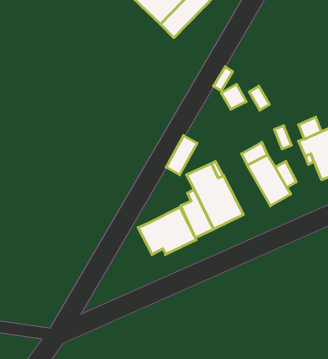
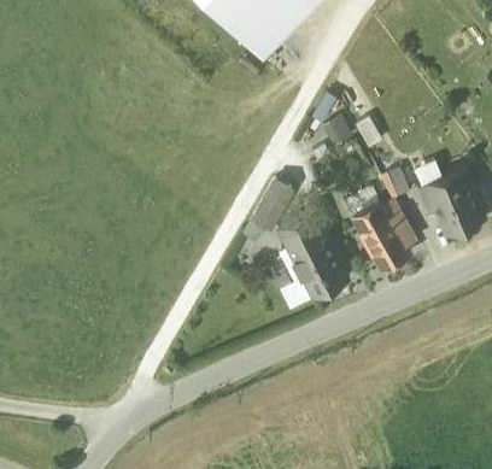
building: [138,207,196,255] -> none

